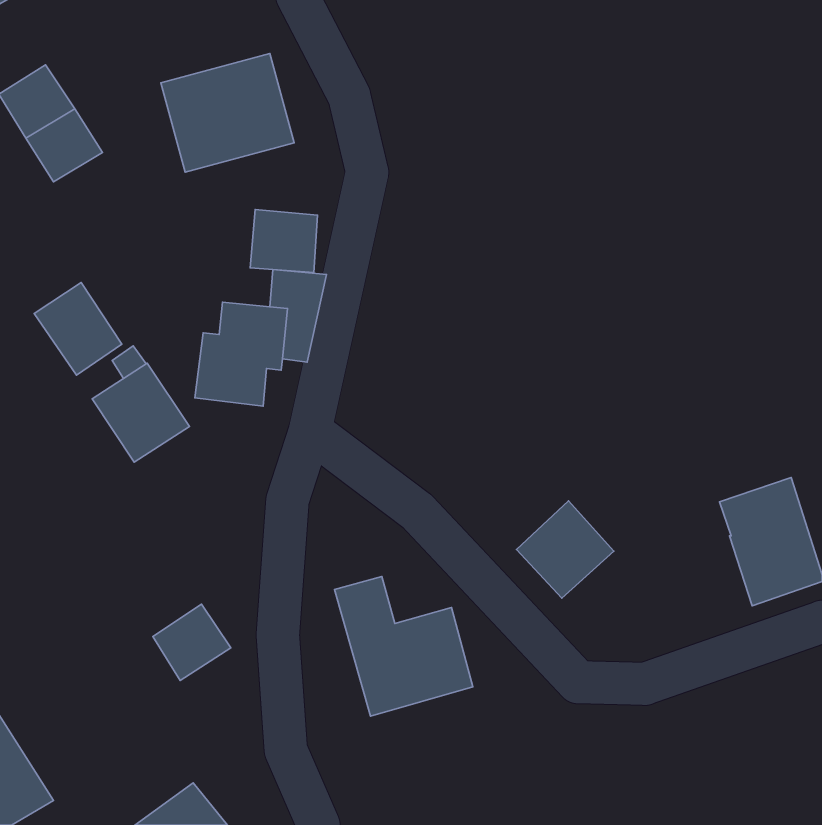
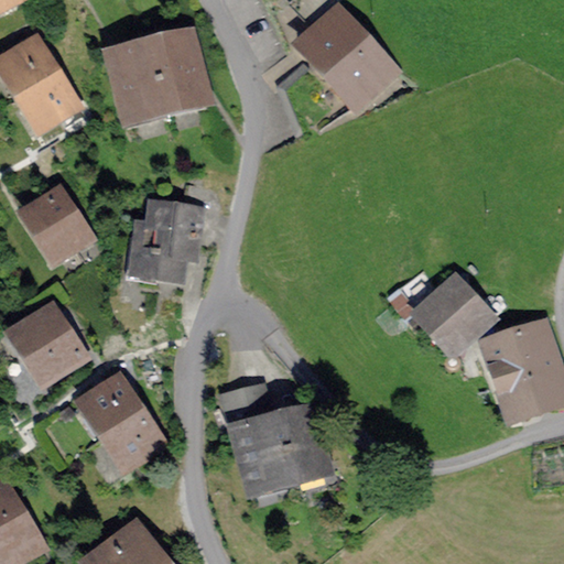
building: none -> [306,10,390,100]
building: [250,210,318,273] -> none
building: [92,363,190,462] -> [12,311,78,378]
building: [516,501,614,598] -> [420,279,486,345]
building: none -> [84,381,137,432]

